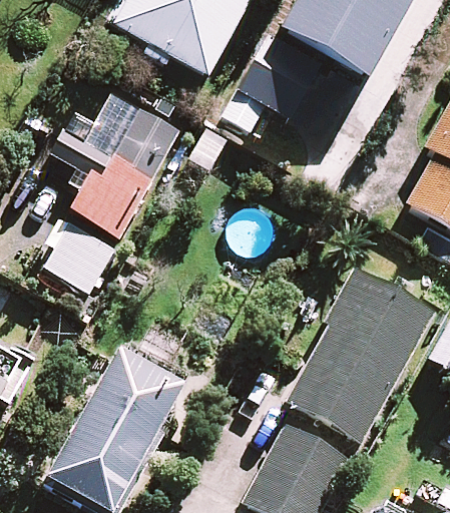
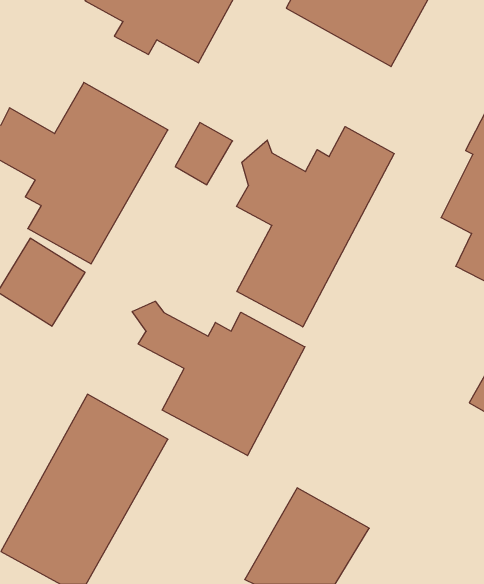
building: none -> [237,127,394,327]
building: [290,268,432,439] -> none
building: none -> [132,301,305,456]

